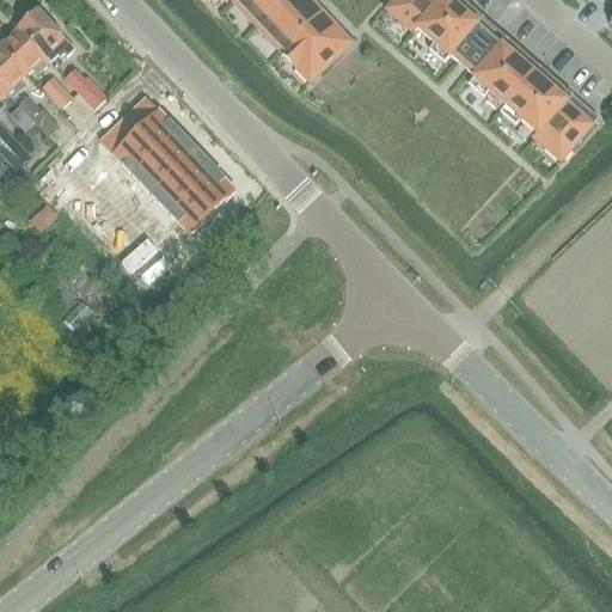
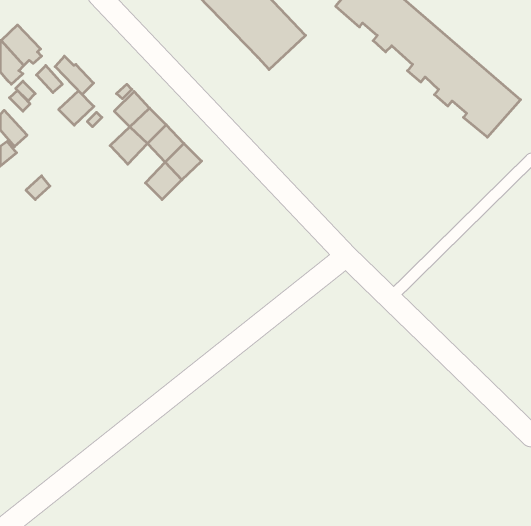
building: [20,11,67,56] -> none
building: [109,128,149,167] -> [59,91,94,125]
building: [147,165,190,210] -> none

